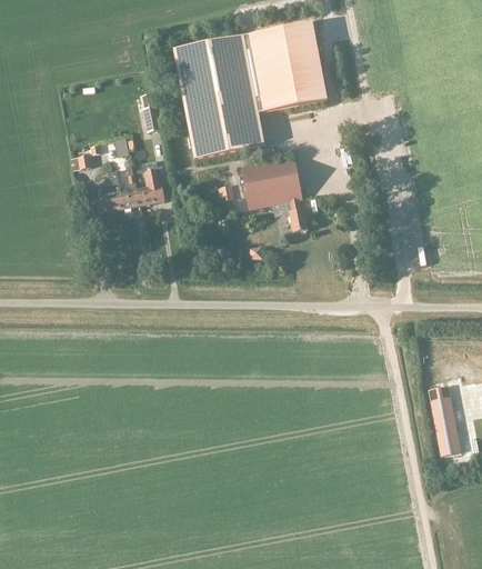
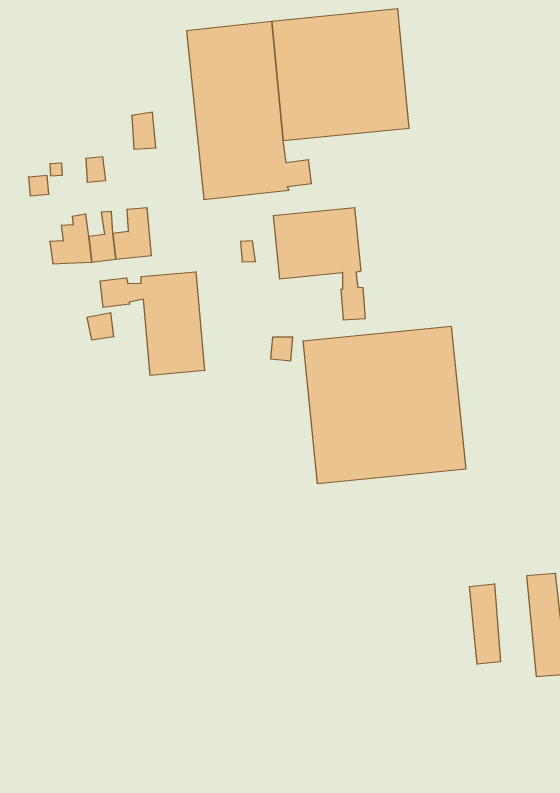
building: none -> [100,272,205,375]
building: none -> [303,326,466,484]
building: none -> [470,584,501,664]

